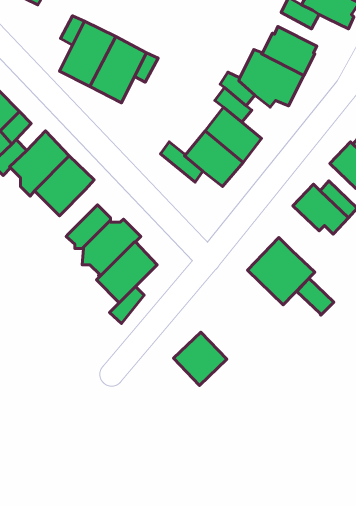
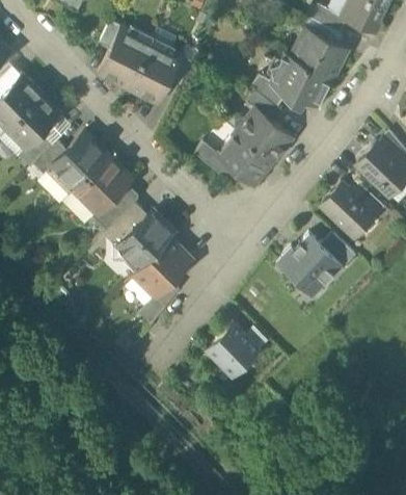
building: none -> [92,188,136,231]
building: [297,278,334,315] -> [320,234,355,269]

